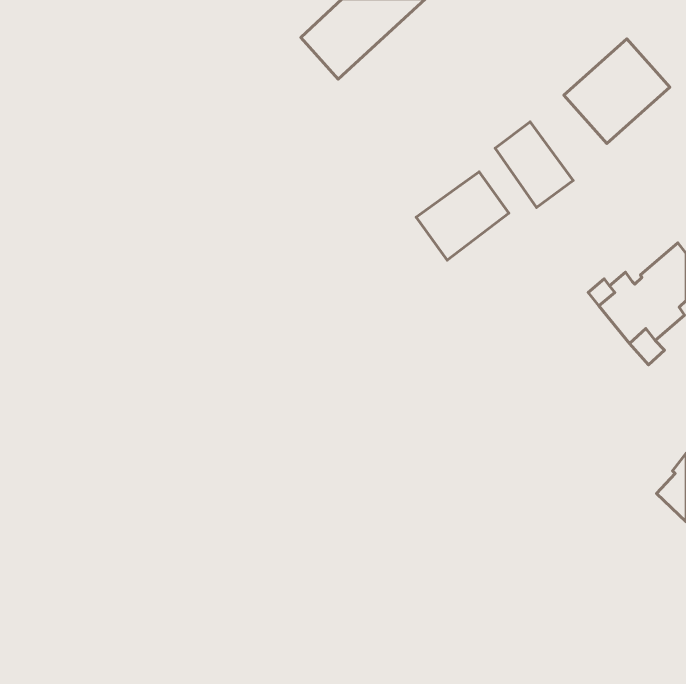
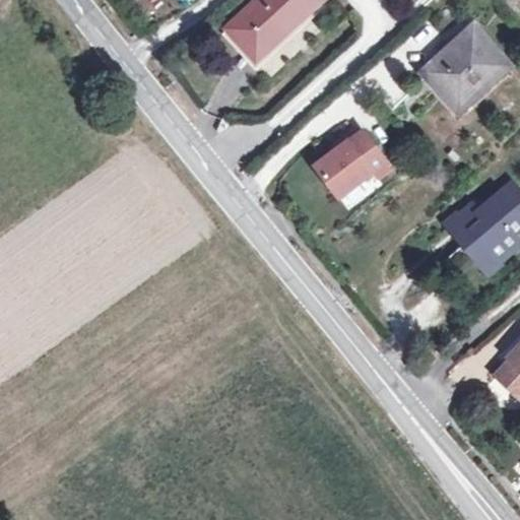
building: [495,122,573,207] -> none

